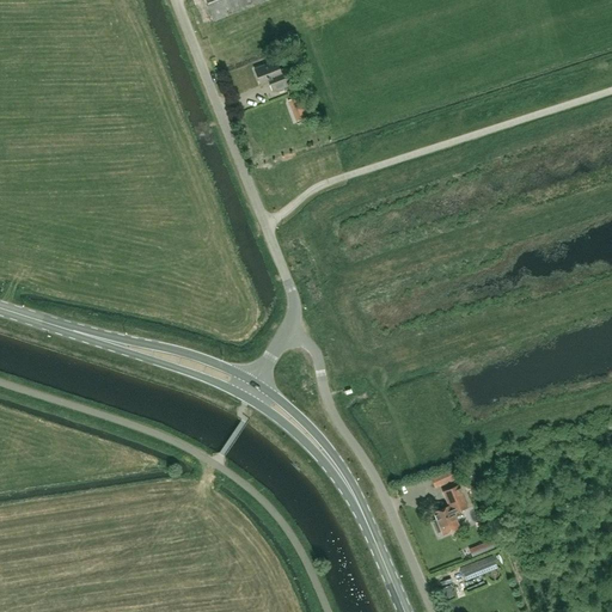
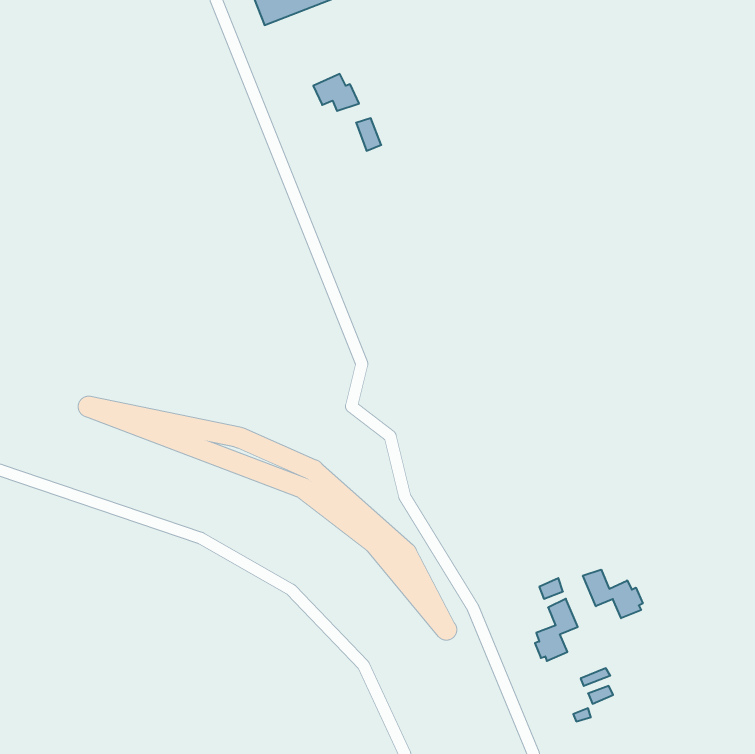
building: none -> [583,570,643,618]

